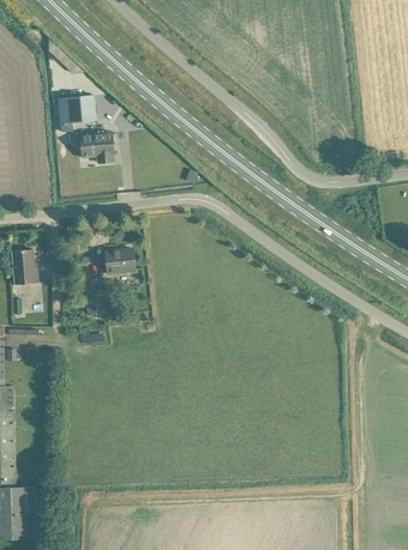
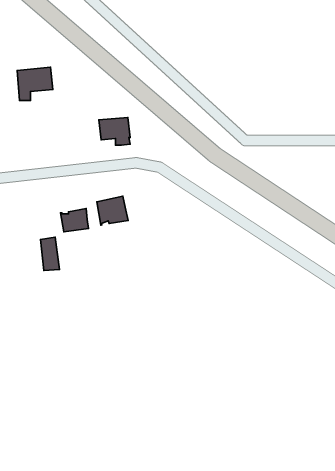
building: [79,133,113,163] -> [99,118,130,145]
building: none -> [97,196,128,225]

